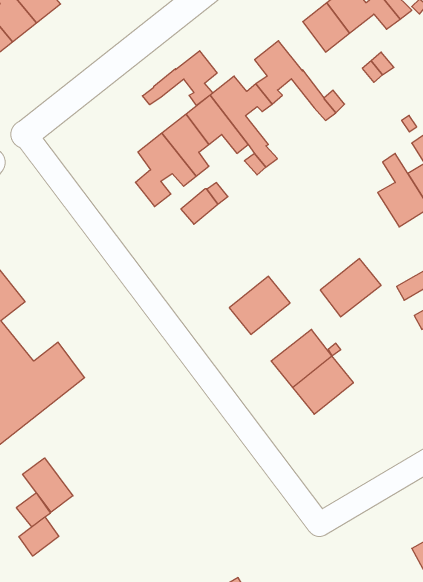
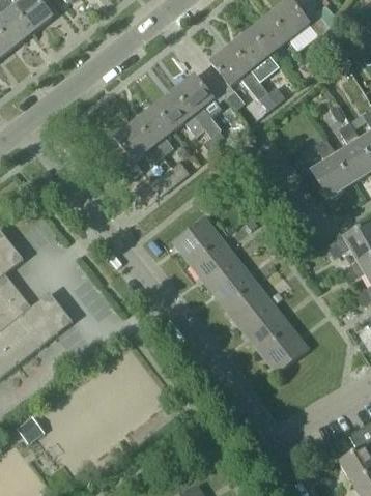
building: none -> [230,30,268,70]
building: [142,51,217,106] -> none
building: none -> [172,216,222,264]
building: [320,259,381,317] -> [207,260,257,308]
building: none -> [259,325,309,373]
building: [23,458,73,512] -> none
building: [19,517,59,556] -> none

